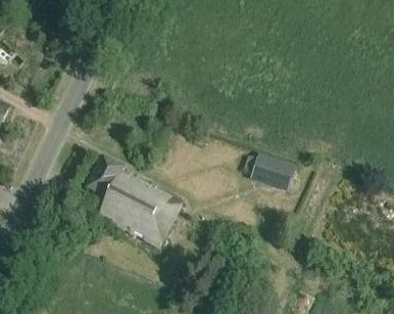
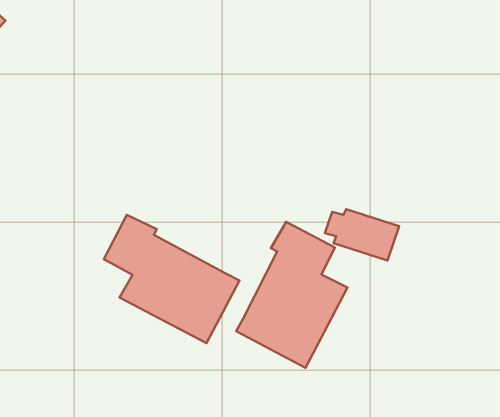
building: none -> [236,222,347,368]

